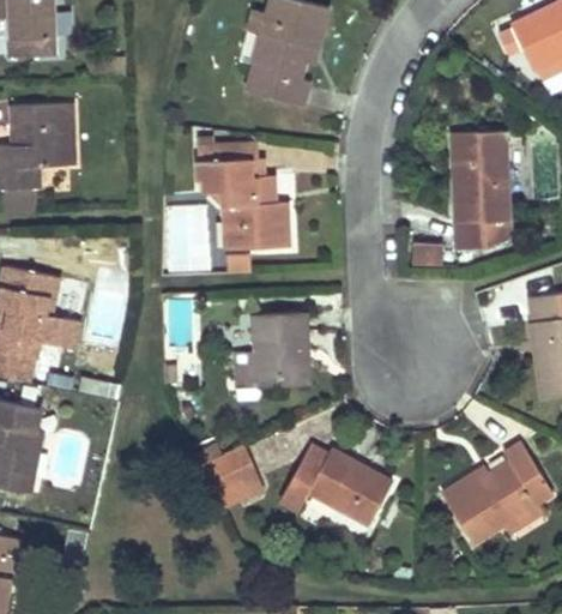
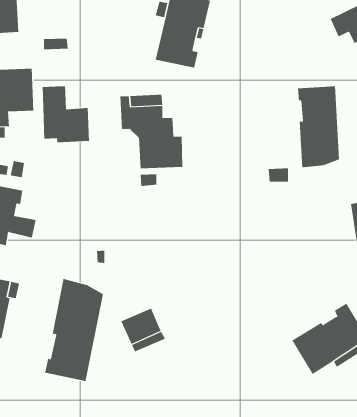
building: none -> [42,86,89,143]
building: [232,311,308,386] -> none
building: none -> [45,278,104,382]
building: [279,444,392,525] -> none

